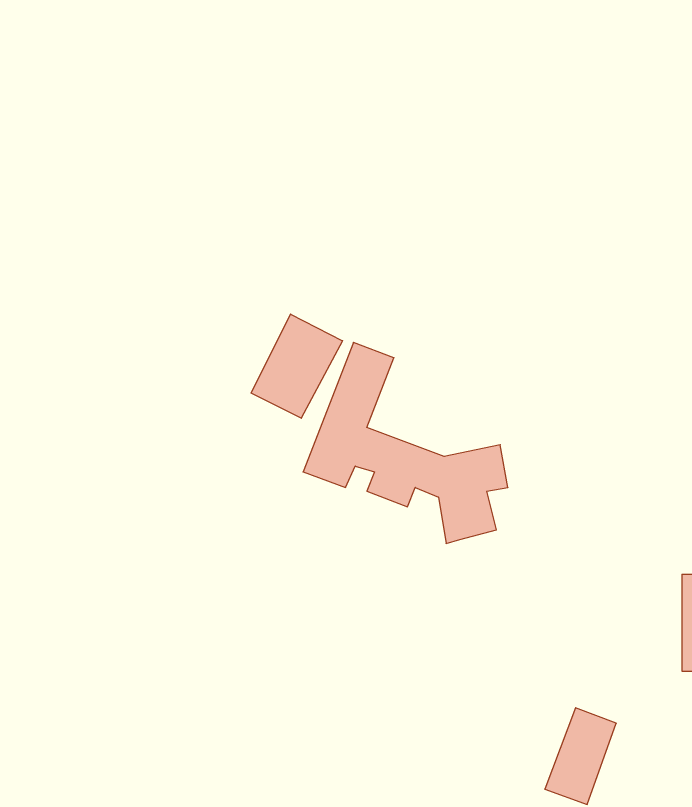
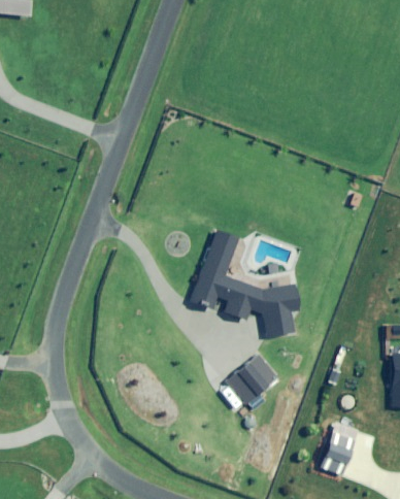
building: [251,314,343,418] -> none
building: none -> [225,355,276,405]

